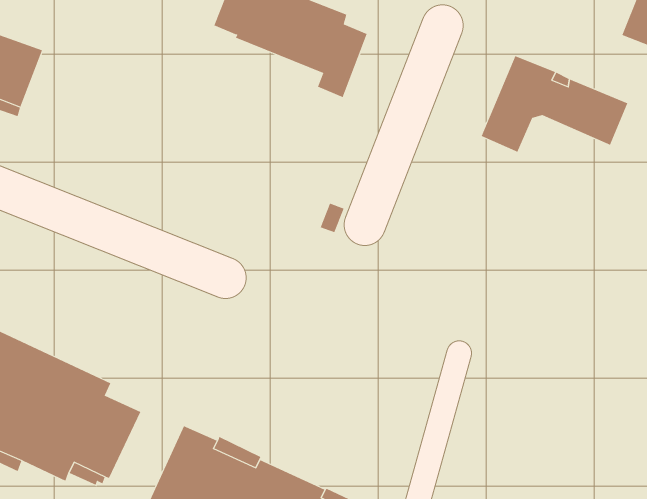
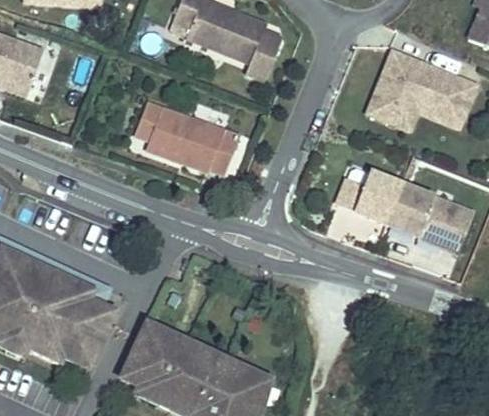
building: none -> [392,94,460,127]
building: none -> [134,98,240,174]
building: none -> [331,170,465,252]

